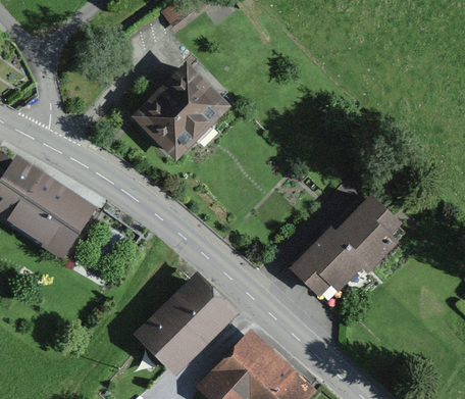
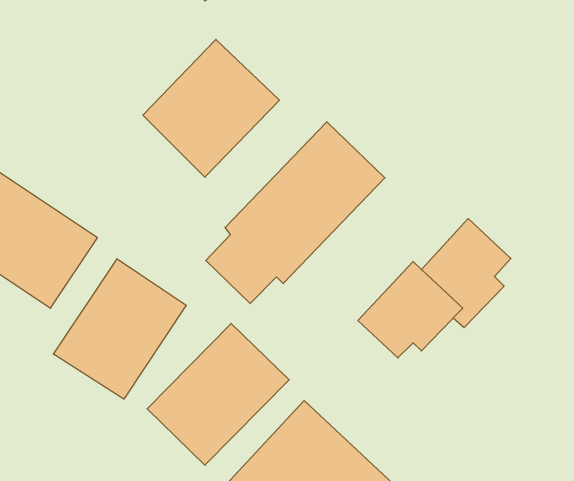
building: none -> [206,122,385,304]
building: none -> [53,259,186,399]

